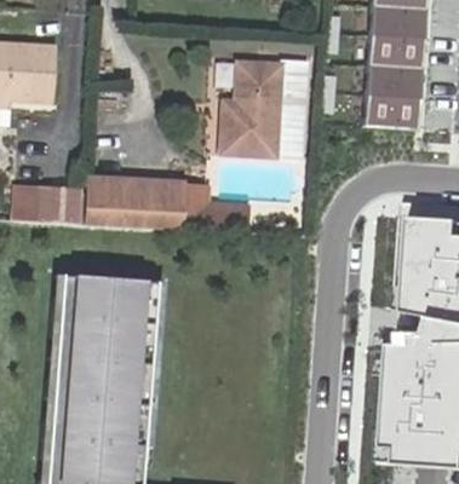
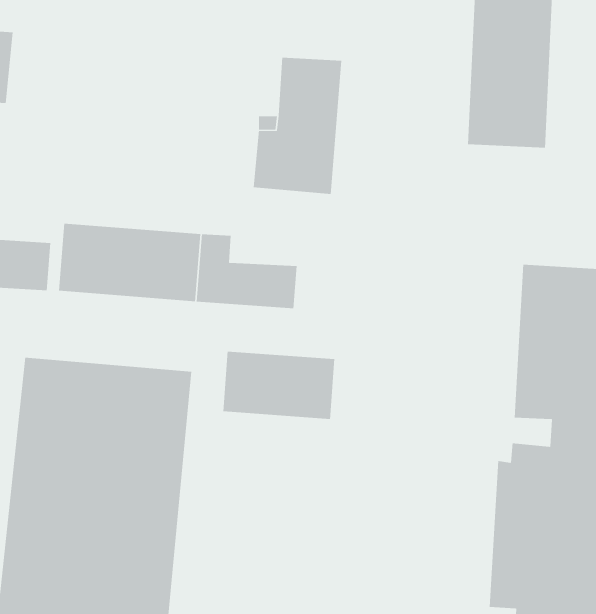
building: none -> [223,351,335,420]

